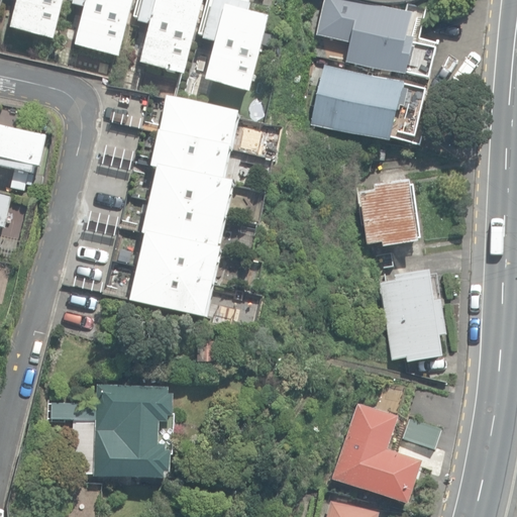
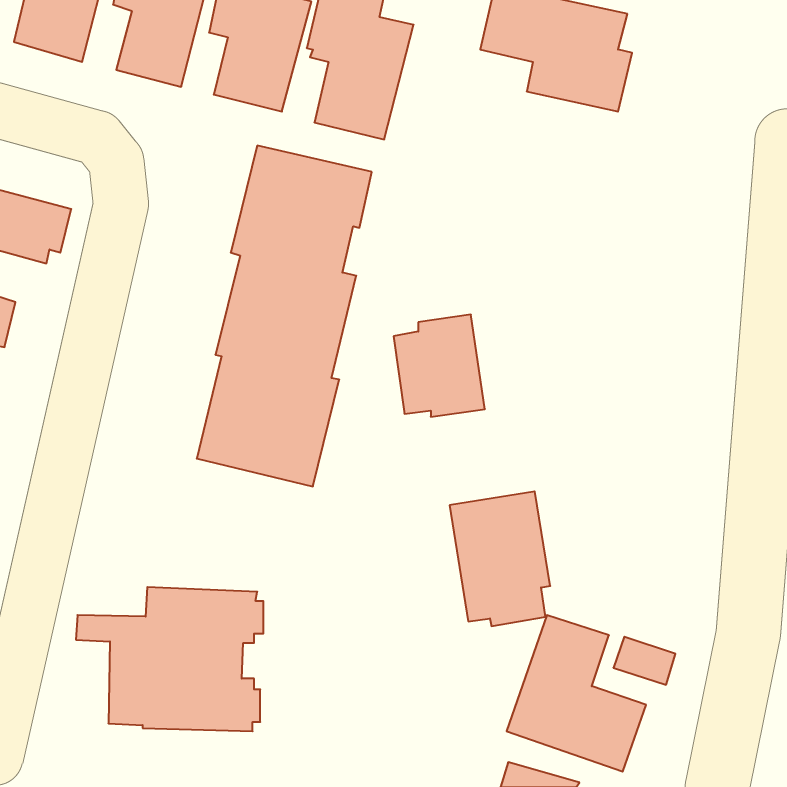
building: [308,62,407,140] -> none
building: [356,178,416,244] -> [394,315,485,417]
building: [380,273,445,360] -> [450,491,550,626]

